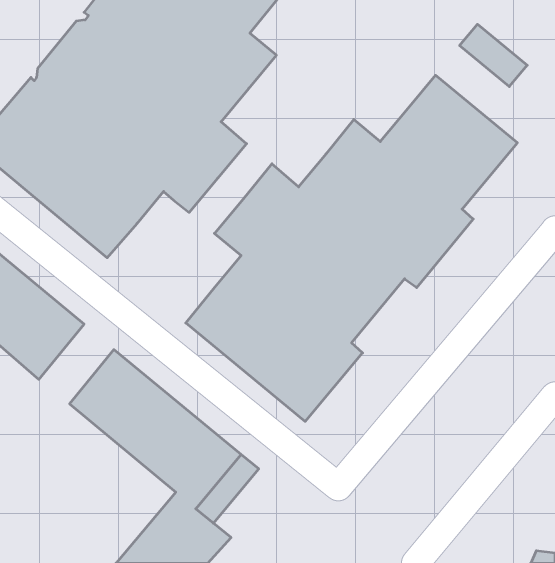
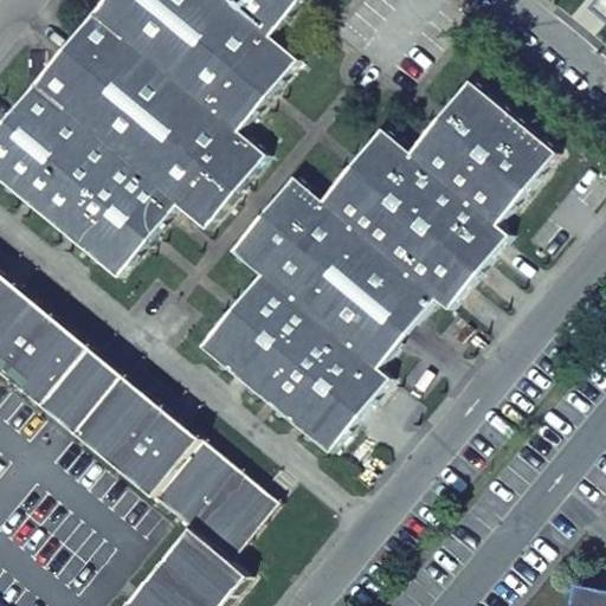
building: [460,24,527,87] -> none
building: none -> [41,347,122,432]

